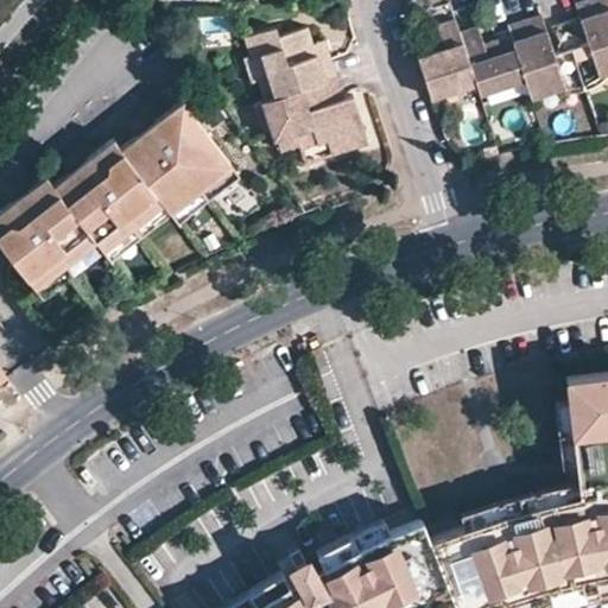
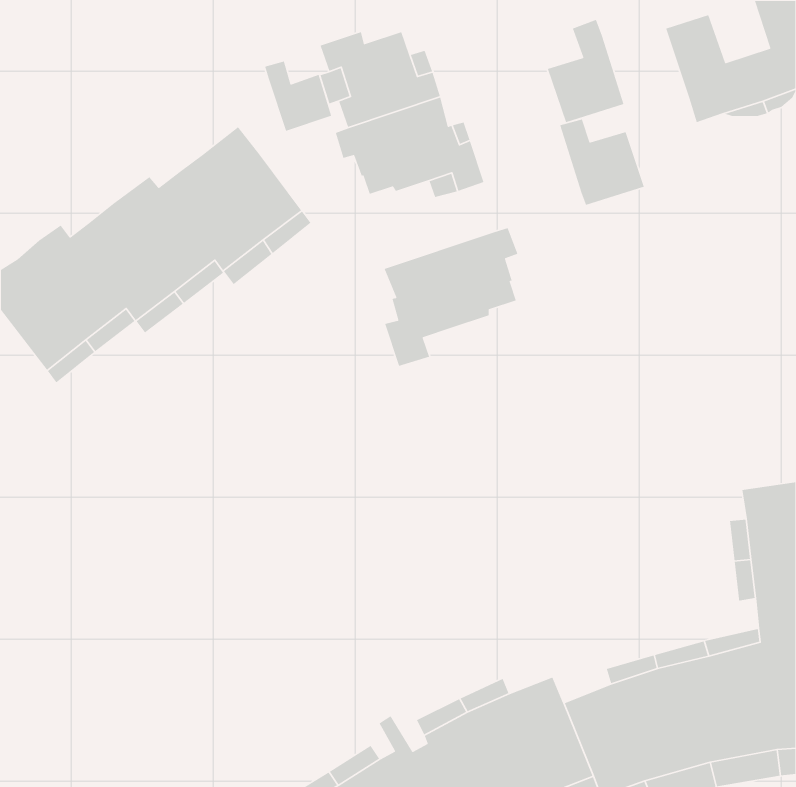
building: [460,30,525,96] -> [559,119,645,206]
building: none -> [264,60,332,132]
building: none -> [383,227,518,367]

